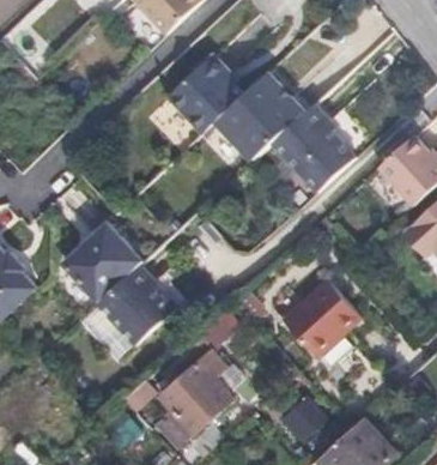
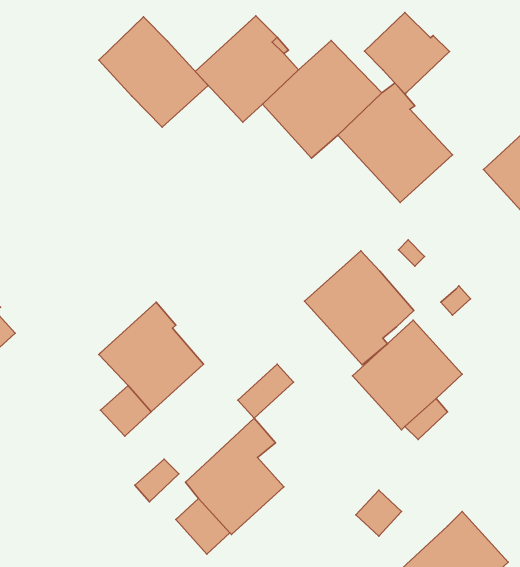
building: none -> [364,12,449,94]
building: none -> [99,17,208,127]
building: [62,221,142,301] -> none
building: none -> [304,251,414,365]

